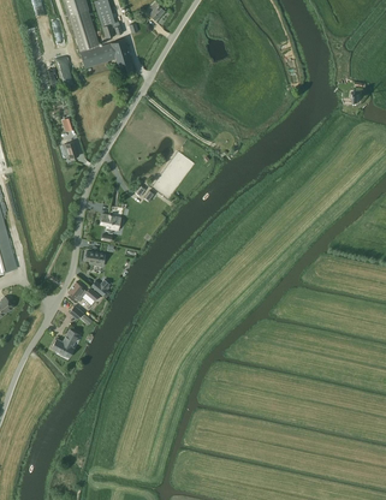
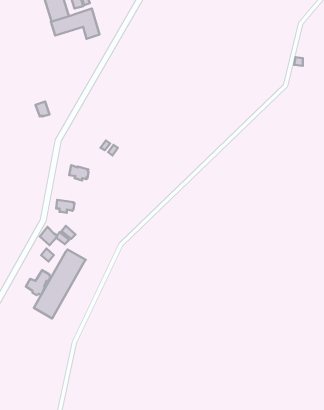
building: none -> [34,249,86,318]

